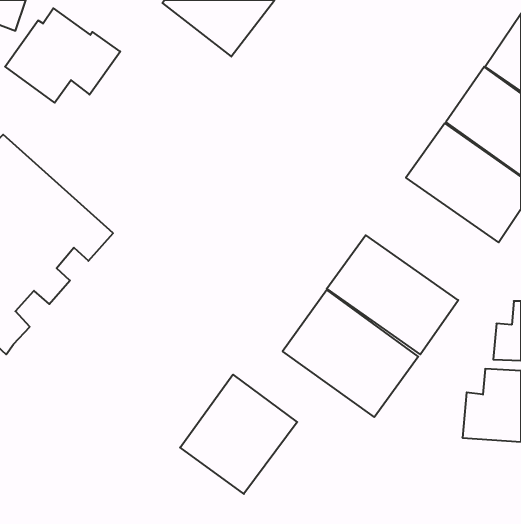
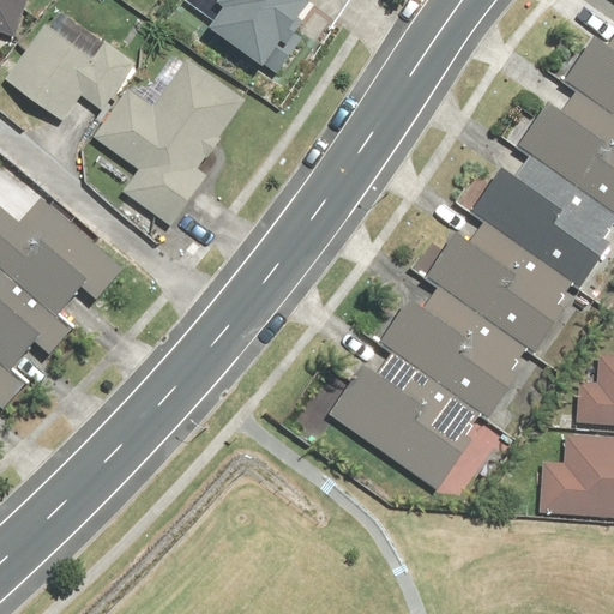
building: none -> [92,59,248,236]
building: none -> [427,210,580,350]
building: [180,375,297,494] -> none

